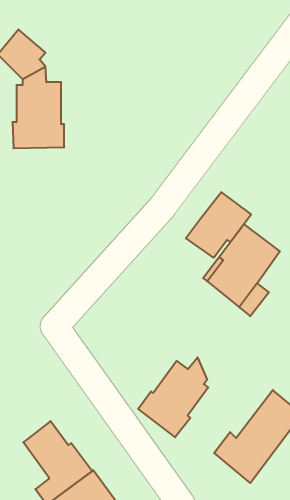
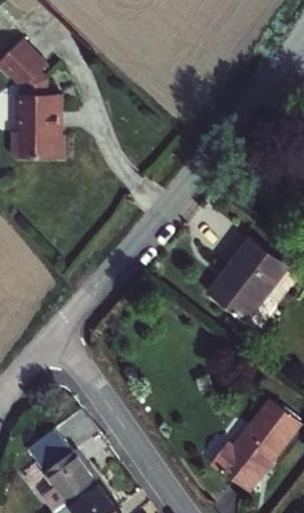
building: [186,192,251,258] -> none
building: [138,357,208,437] -> none

